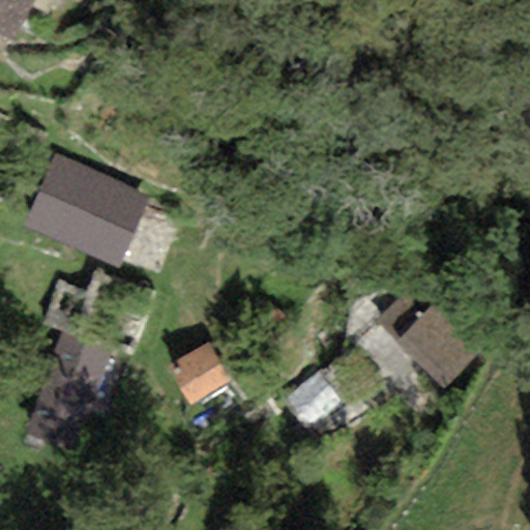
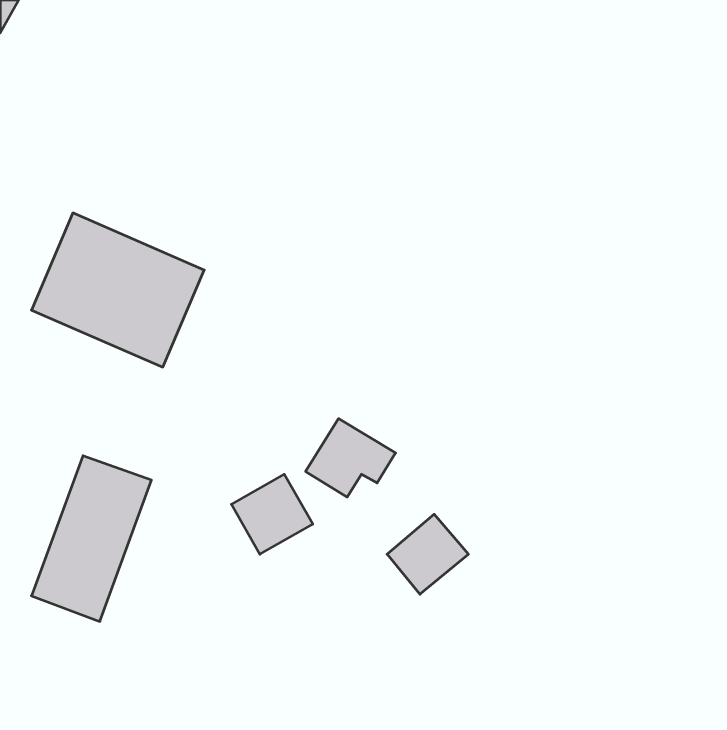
building: [377,285,479,388] -> none

